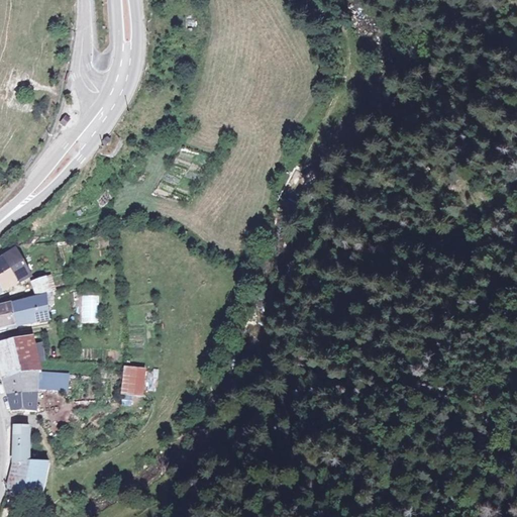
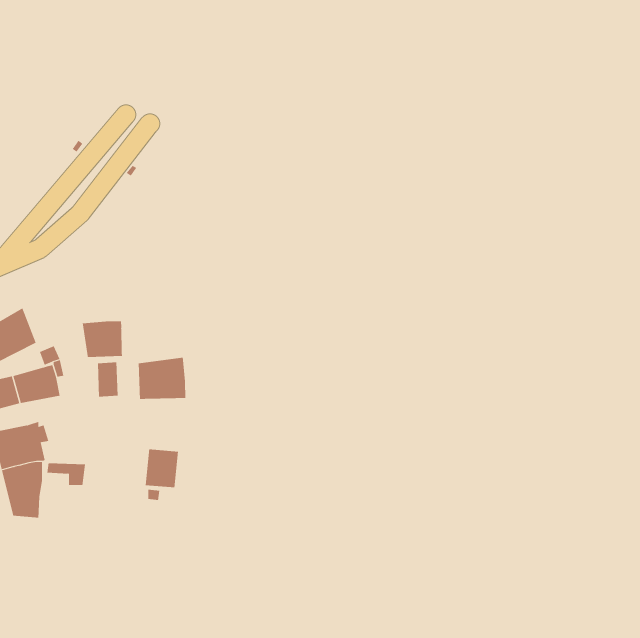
building: none -> [82,320,123,358]
building: none -> [138,357,186,400]
building: [7,429,46,500] -> none

